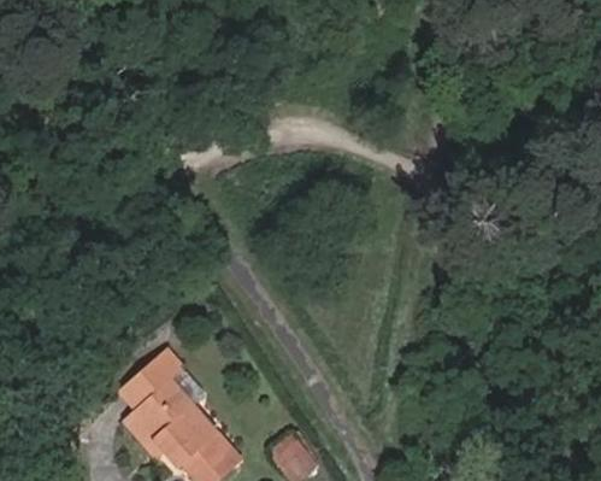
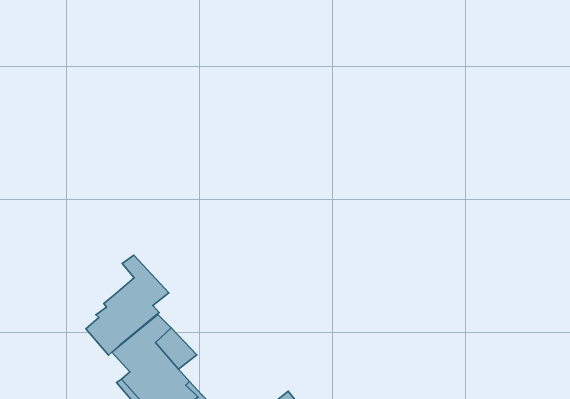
building: none -> [86,255,169,355]

